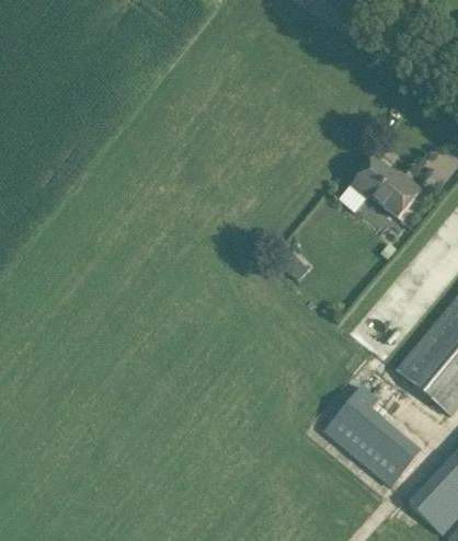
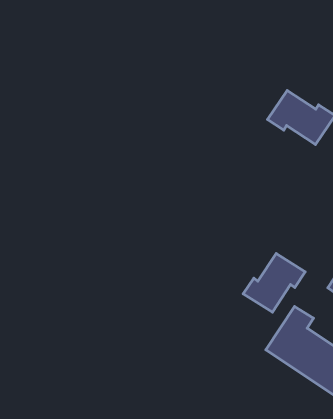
building: none -> [243,253,305,312]

